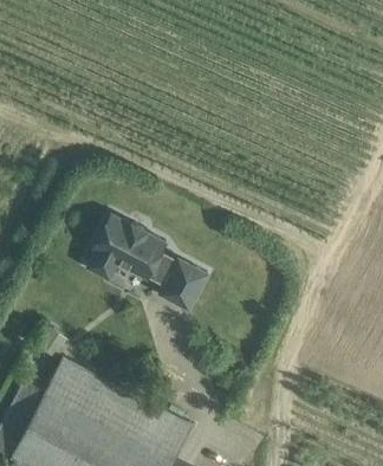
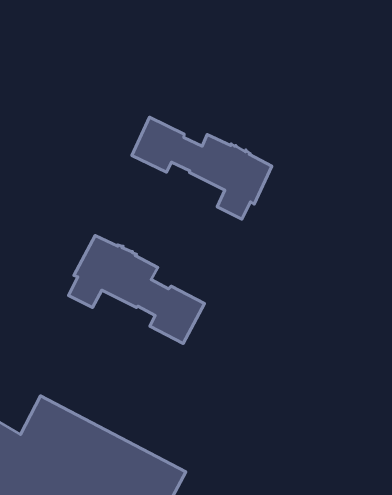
building: none -> [132,117,272,219]

